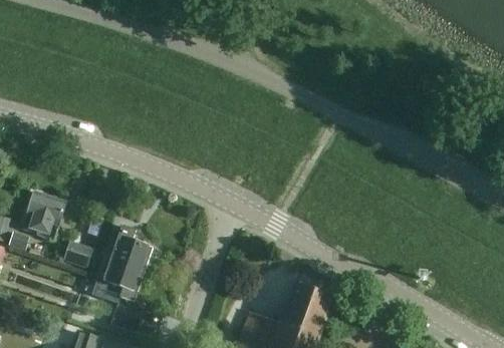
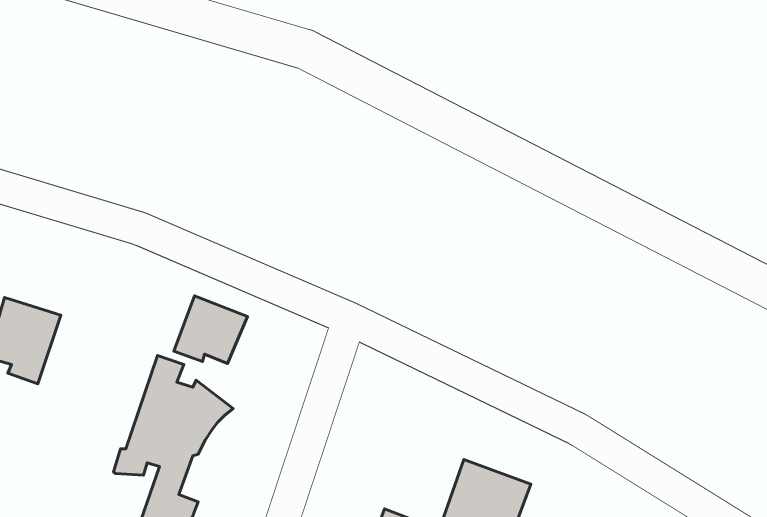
building: none -> [174,296,247,364]
building: [62,241,92,268] -> none

